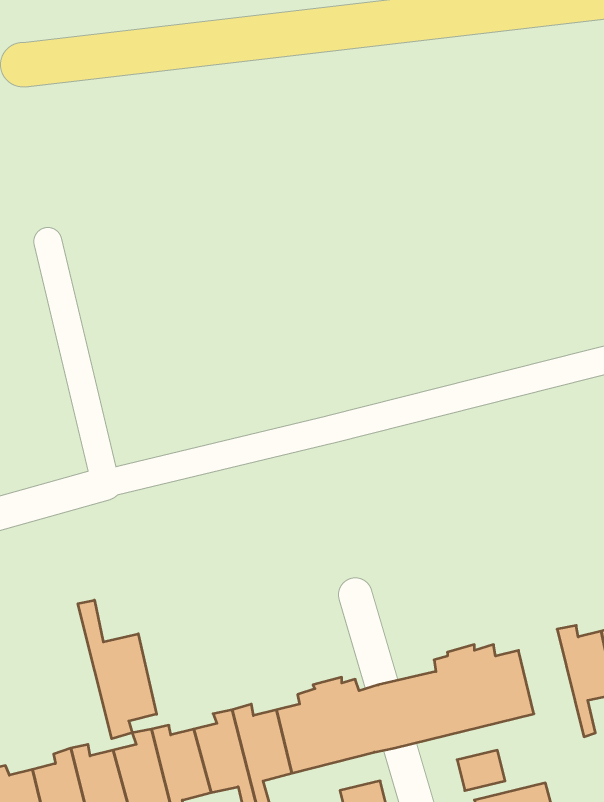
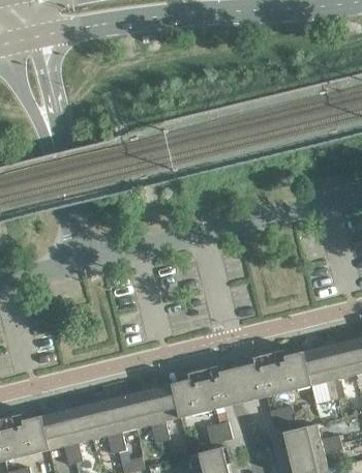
building: [78,600,157,739] -> none
building: none -> [302,342,337,402]

